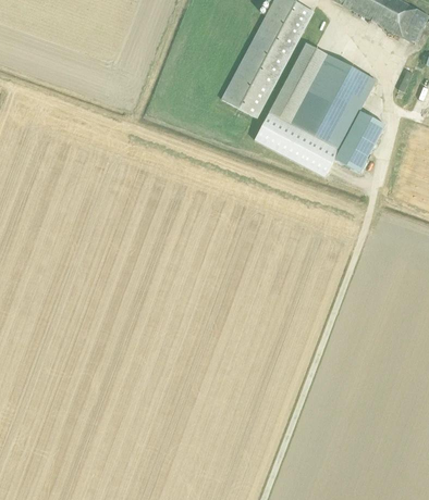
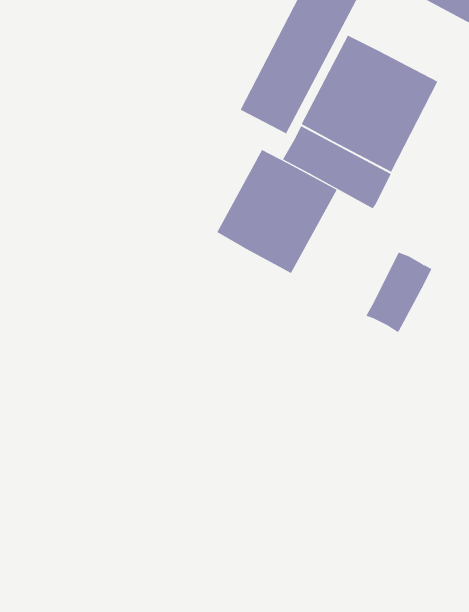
building: [333,110,384,172] -> [366,252,432,333]
building: none -> [216,149,337,274]

